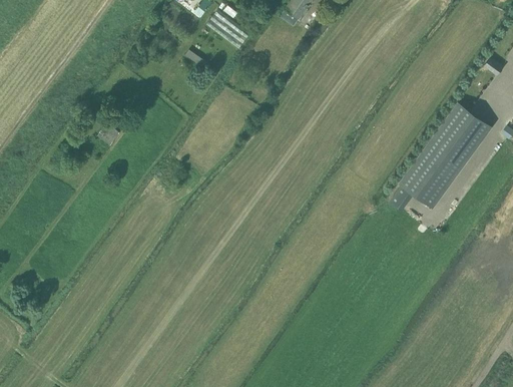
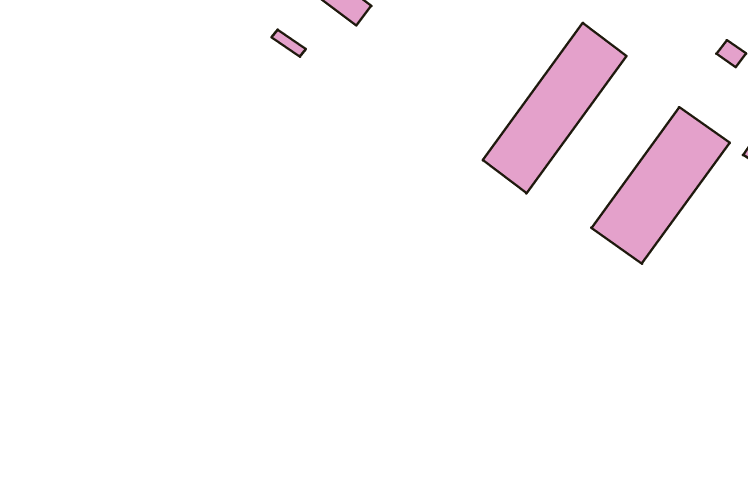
building: none -> [483,23,626,193]

